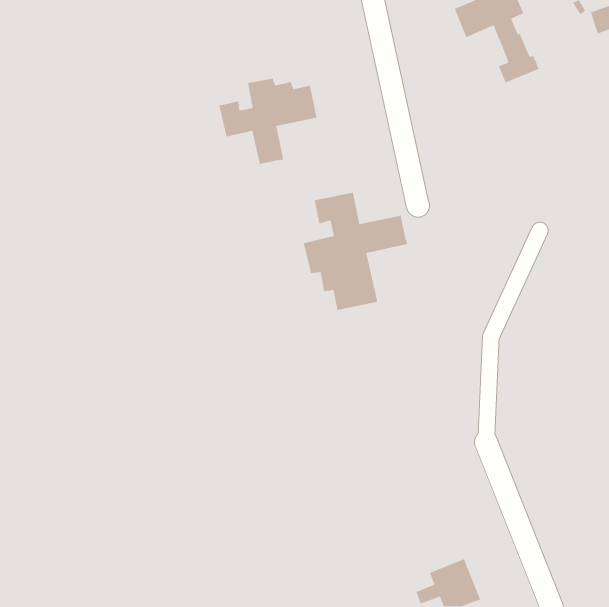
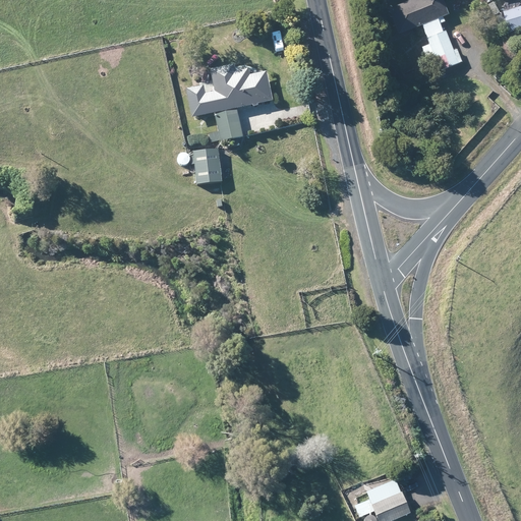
building: none -> [193,148,223,184]
building: [303,192,408,311] -> none

